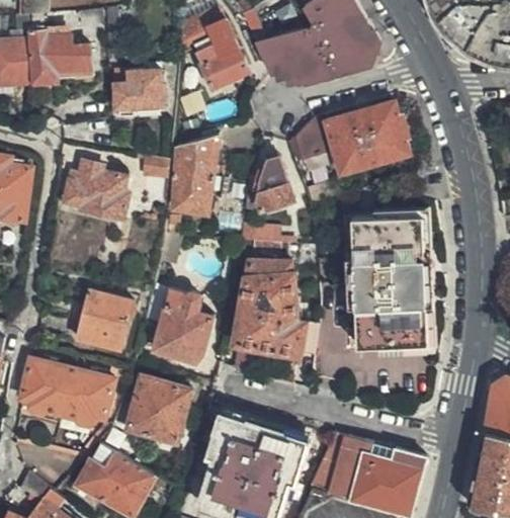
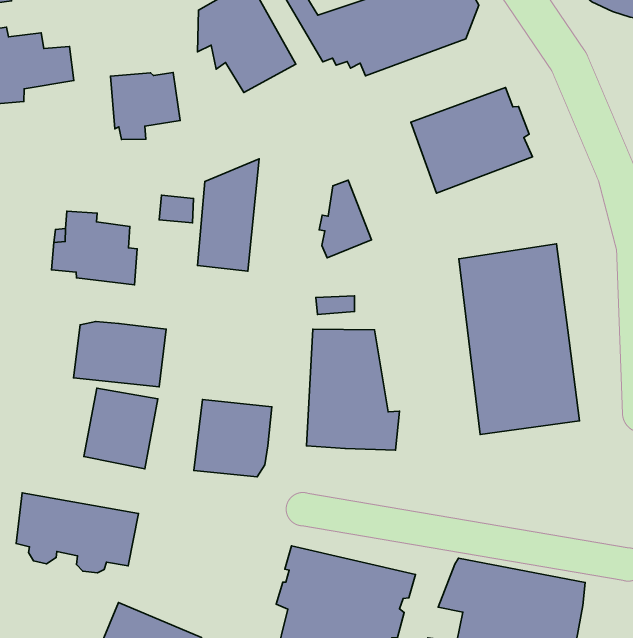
building: [295,116,328,160] -> none
building: none -> [73,322,166,387]
building: [130,380,189,437] -> none

